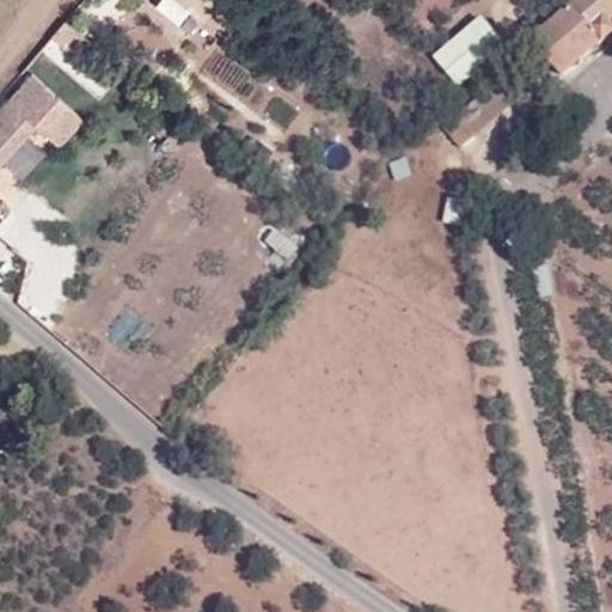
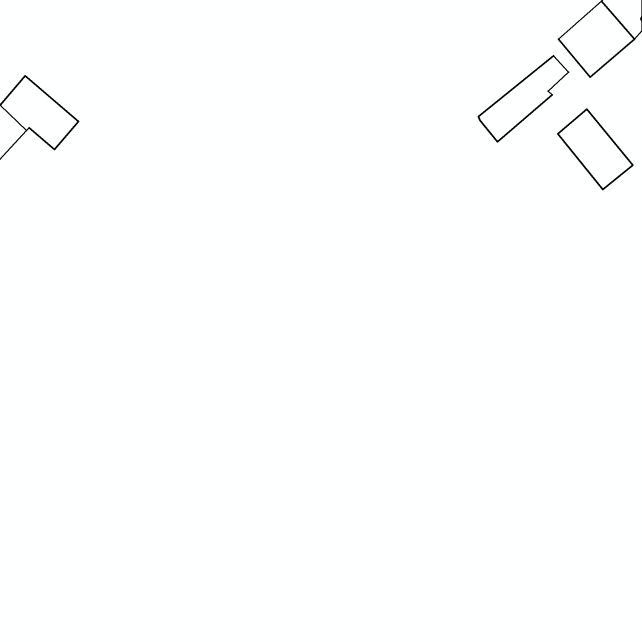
building: [435,19,503,85] -> none
building: none -> [558,109,633,189]

